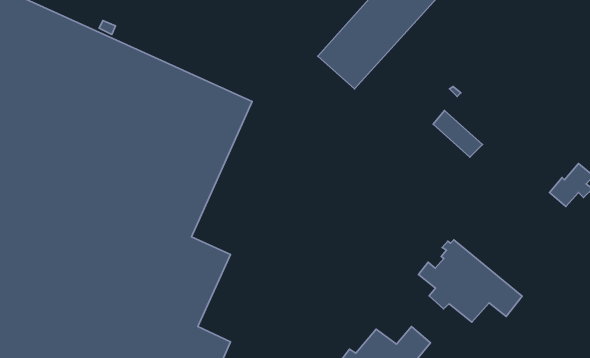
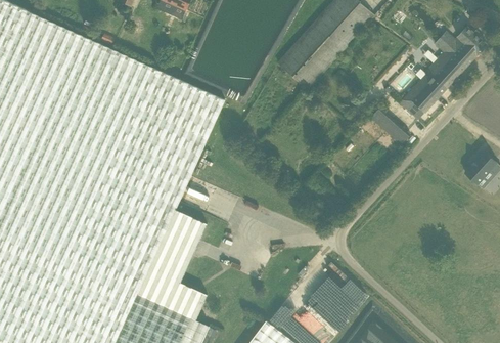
building: none -> [400,27,486,120]
building: [418,240,522,322] -> none

